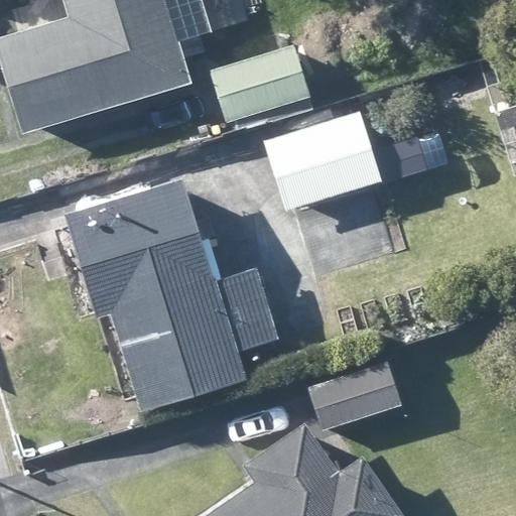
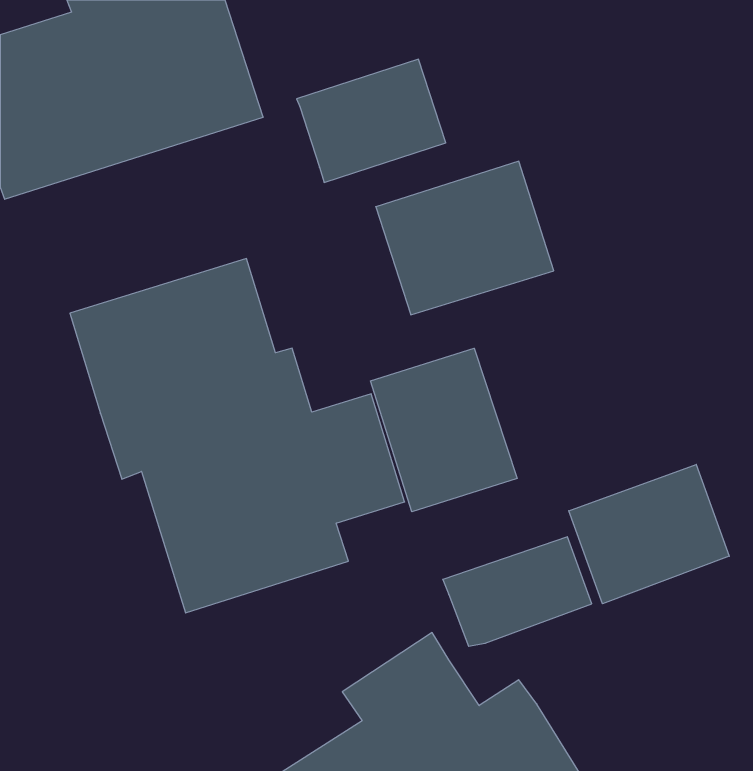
building: none -> [370,348,517,512]
building: none -> [569,464,729,604]

